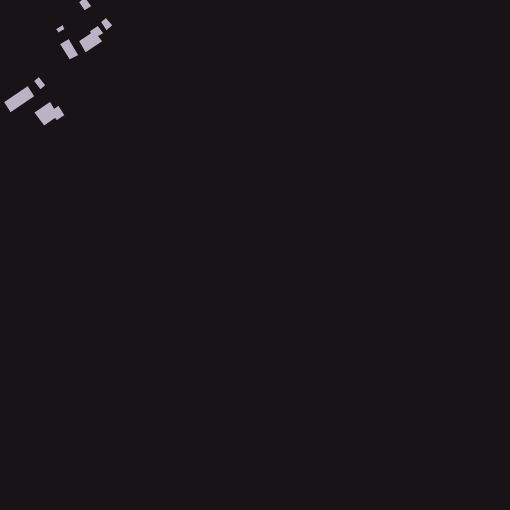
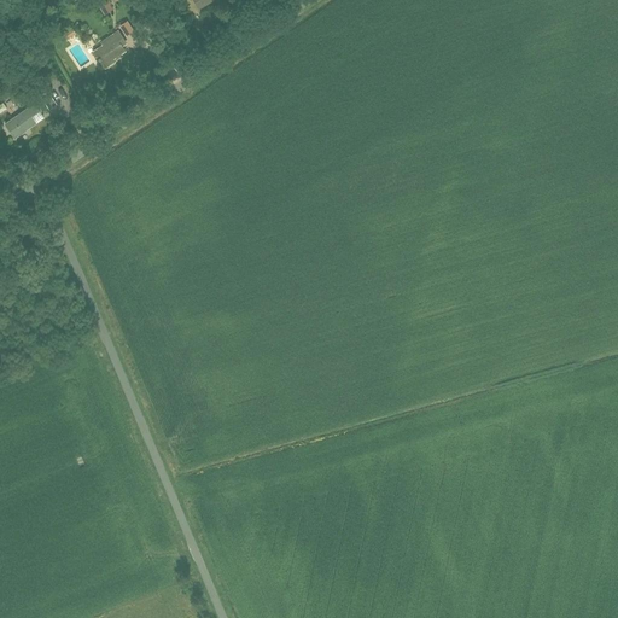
building: [34,101,65,126] -> none

